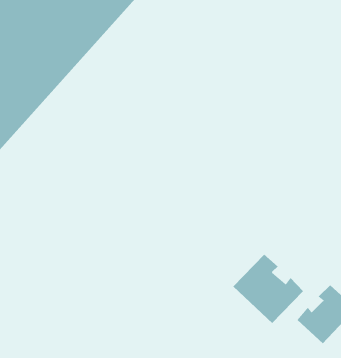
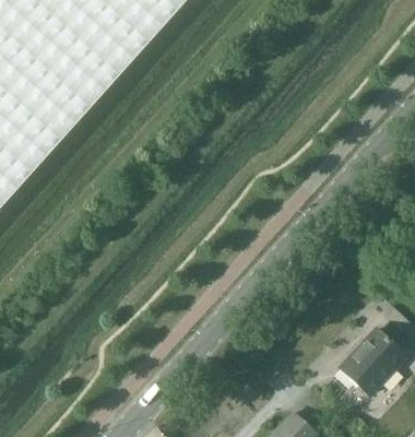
building: [233,254,304,324] -> none

